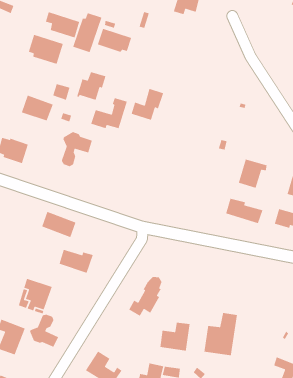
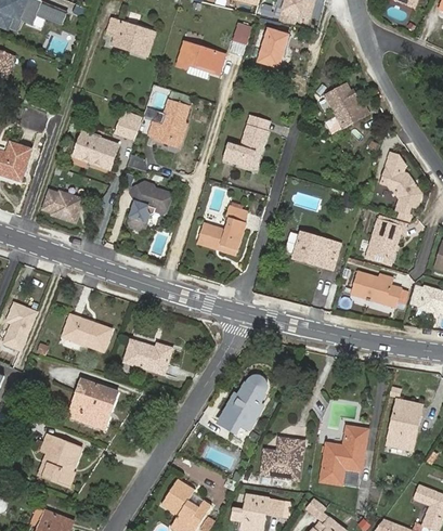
building: [72,12,103,53] -> none
building: none -> [244,27,288,72]
building: [28,34,64,65] -> none
building: none -> [325,83,368,133]
building: [90,97,128,129] -> [197,206,248,249]
building: none -> [382,153,420,212]
building: none -> [292,232,340,263]
building: [41,211,76,238] -> [63,314,110,351]
building: none -> [387,399,420,449]
building: [29,314,59,348] -> none

